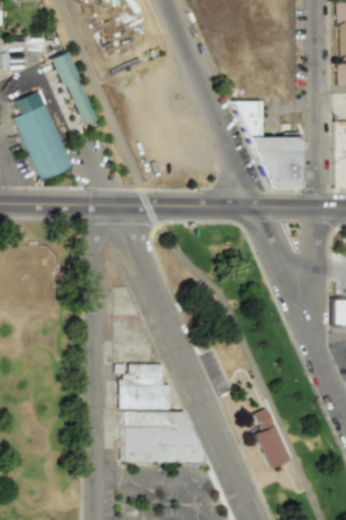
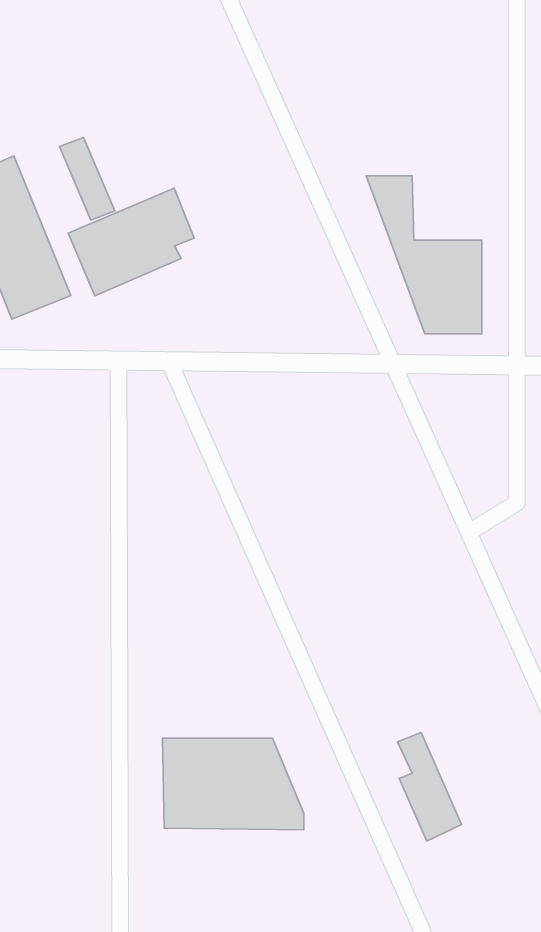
building: [51,52,77,84] -> none
building: none -> [68,188,194,296]
building: [118,364,169,409] -> none

